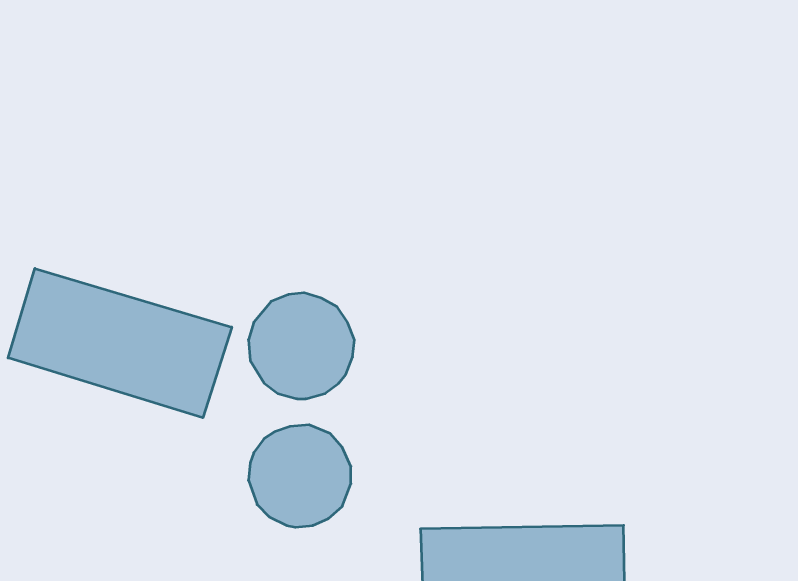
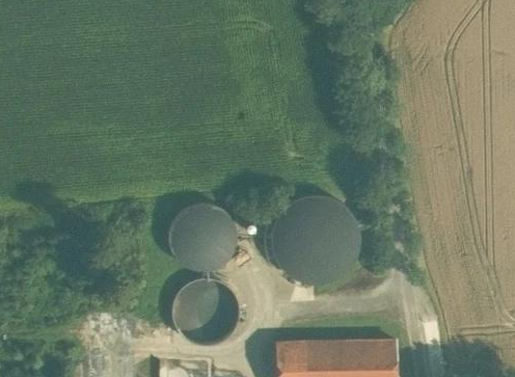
building: [8,268,232,418] -> none
building: none -> [274,200,355,281]

